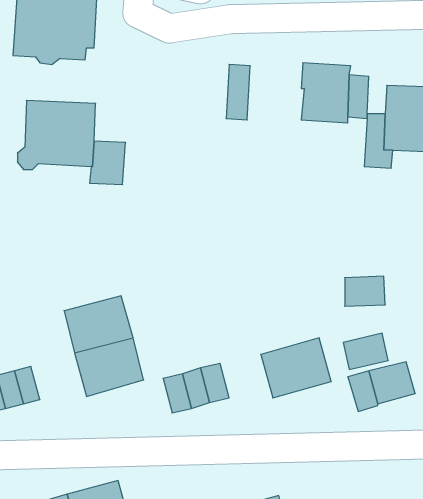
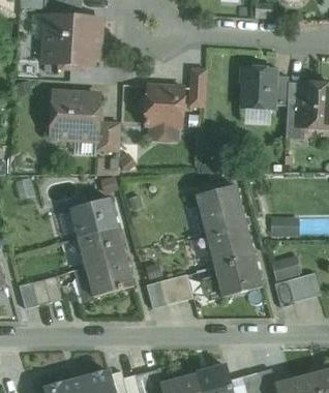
building: none -> [139,85,184,127]
building: none -> [195,185,253,268]
building: none -> [69,198,117,238]

